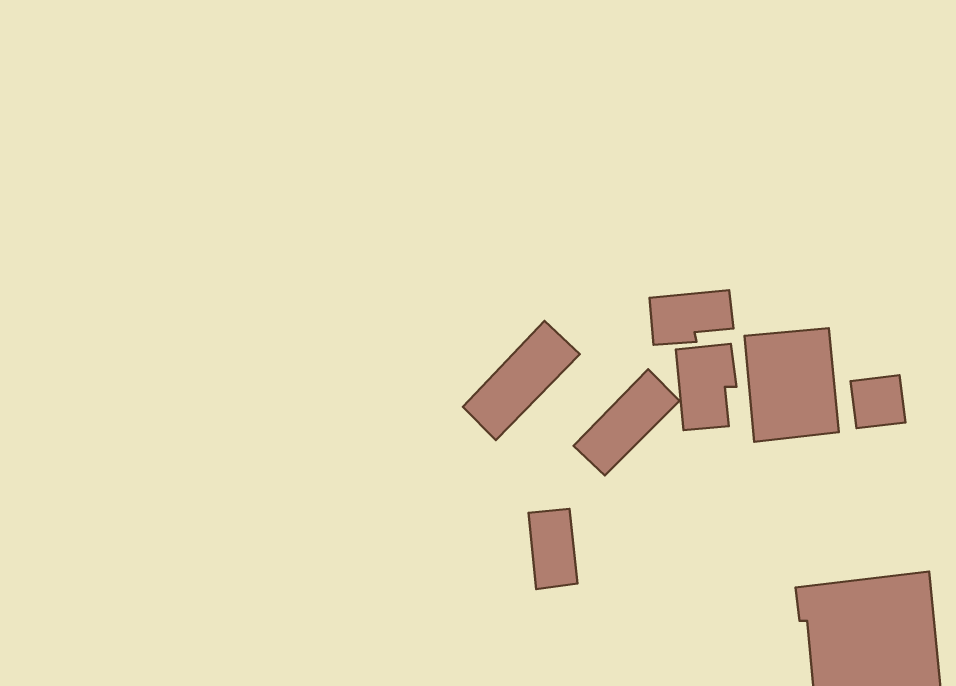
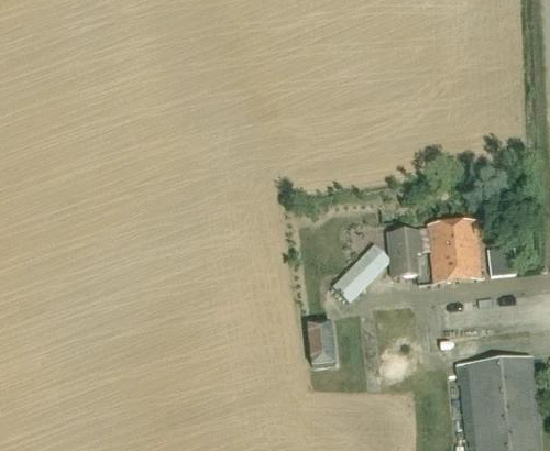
building: [650,290,733,345] -> none
building: [463,321,580,440] -> none

